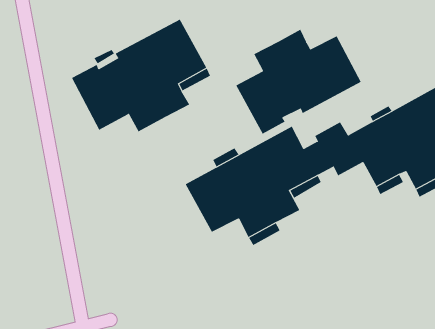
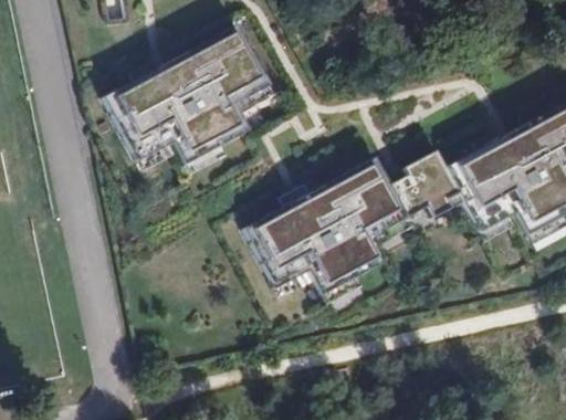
building: [235,29,362,135] -> none

